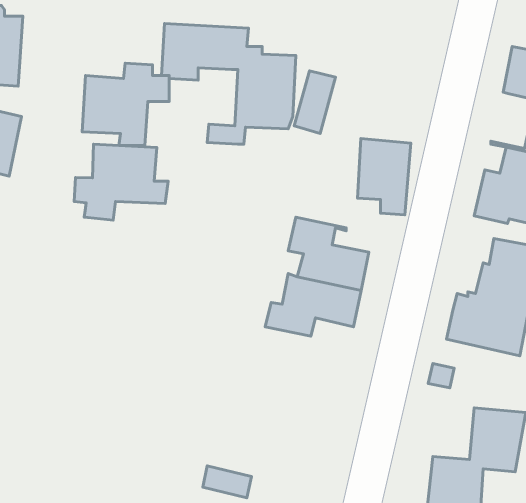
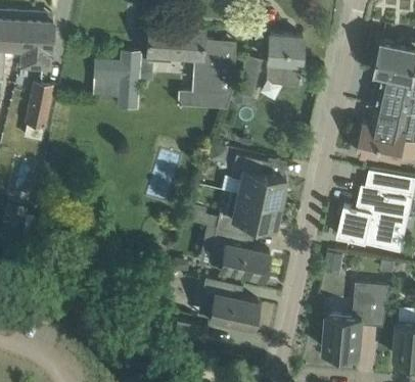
building: [358,139,411,215] -> [267,35,303,86]
building: [74,144,168,220] -> none
building: none -> [209,229,269,279]
building: none -> [200,278,259,328]

